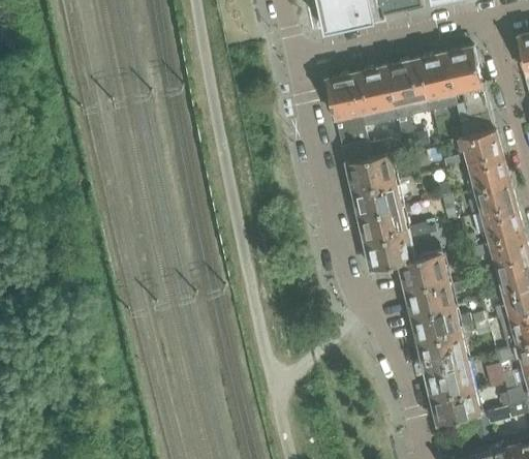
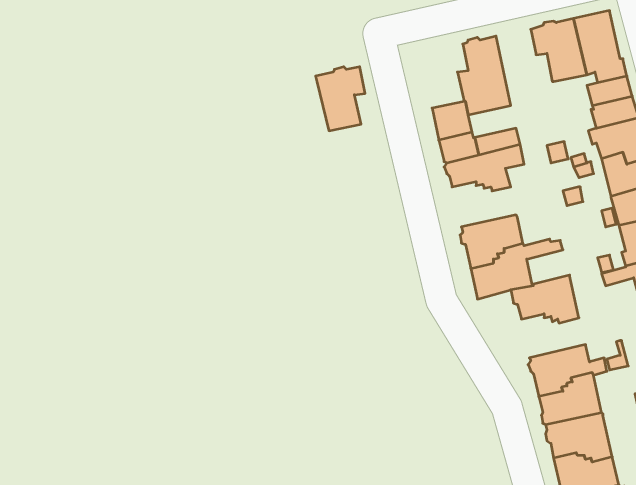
building: [385,62,432,122] -> none
building: [325,74,364,124] -> [316,67,365,131]
building: [351,181,409,216] -> none
building: [405,283,463,317] -> none

